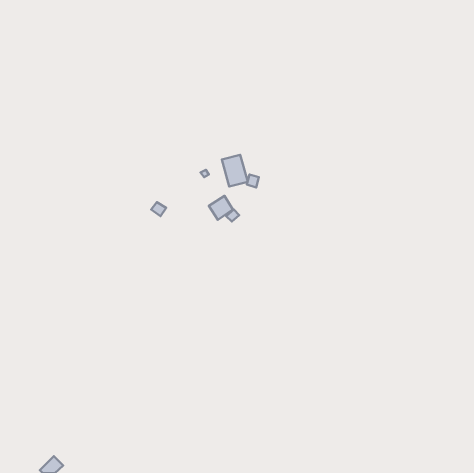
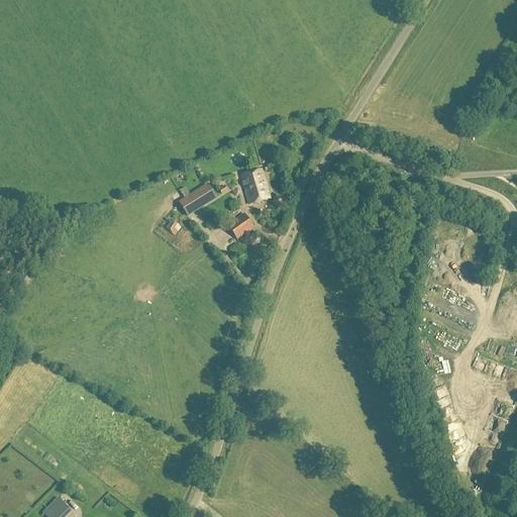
building: none -> [180,184,216,214]

